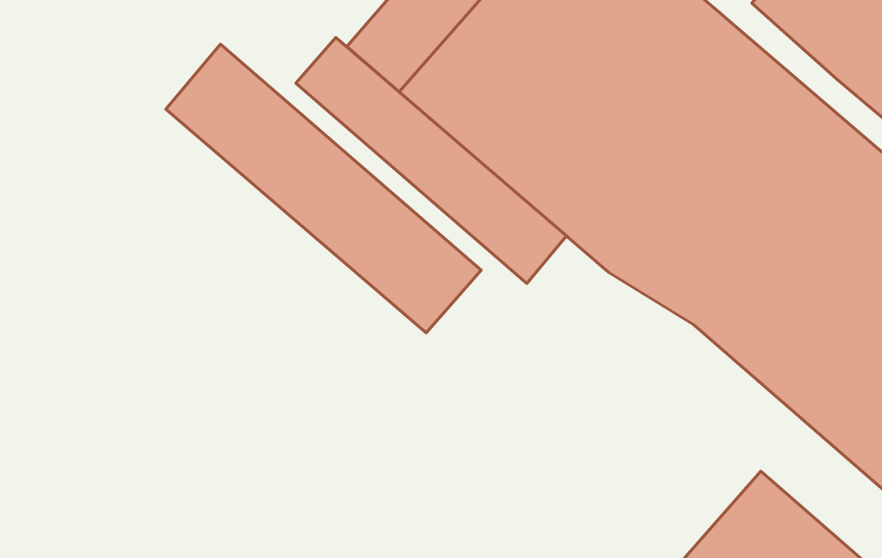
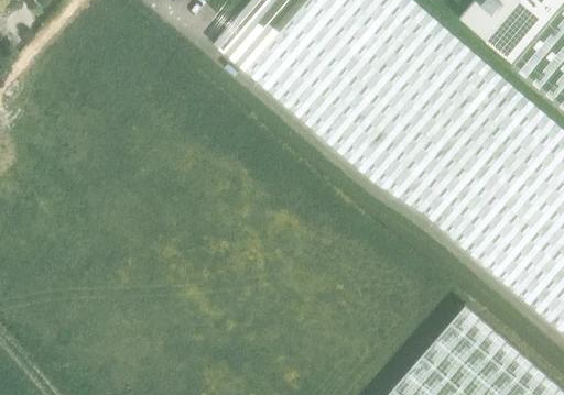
building: [296,37,567,284] -> none
building: [166,44,481,333] -> none

